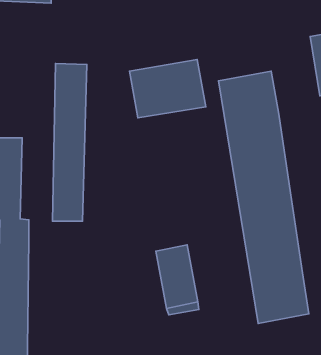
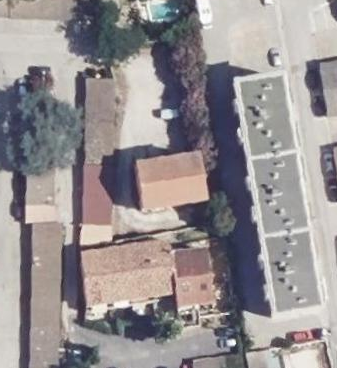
building: [129,59,206,118] -> [132,154,203,208]
building: none -> [77,231,178,303]

